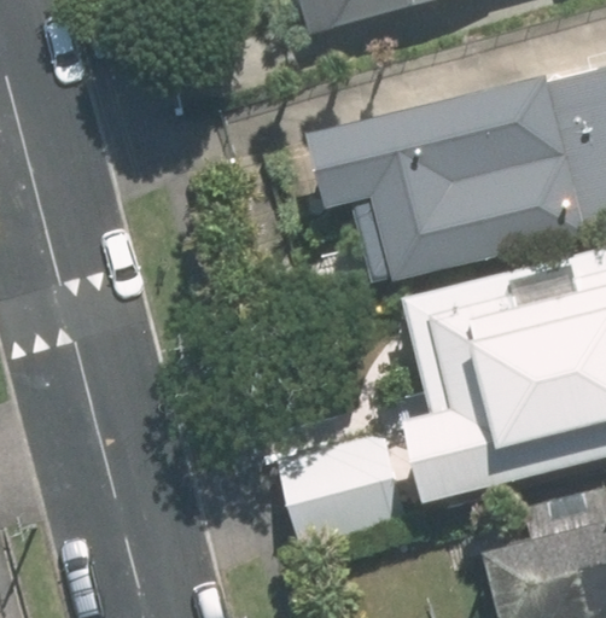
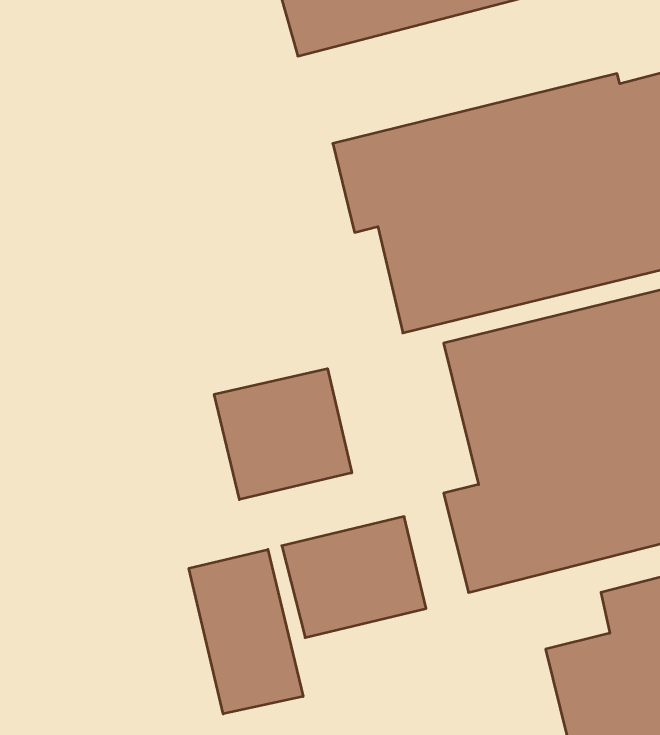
building: none -> [214,369,352,500]
building: none -> [189,549,303,714]

